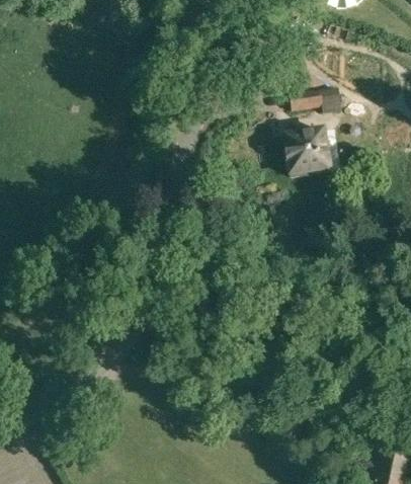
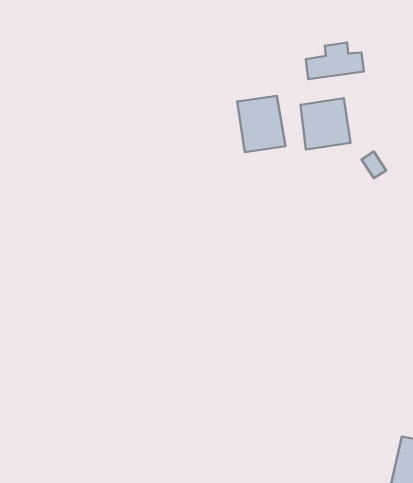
building: none -> [237,96,286,152]

